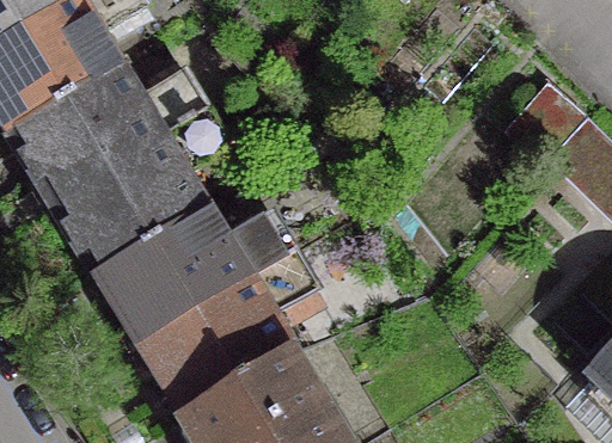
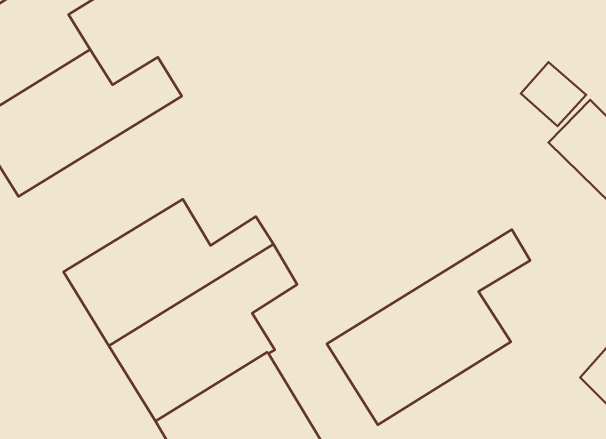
building: [50,107,228,275] -> none
building: none -> [327,230,530,425]

